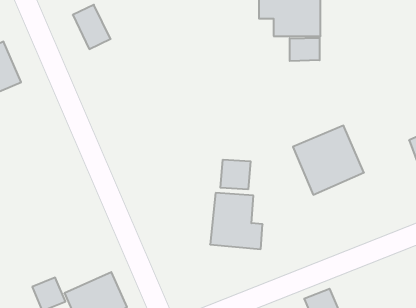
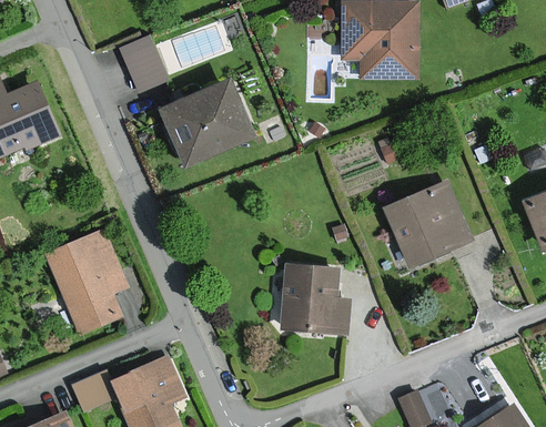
building: [290,38,320,61] -> none
building: none -> [161,80,252,164]
building: [220,160,251,189] -> none
building: none -> [47,231,124,333]

